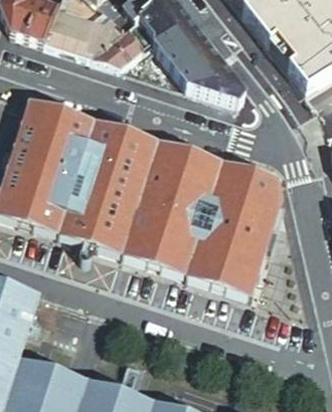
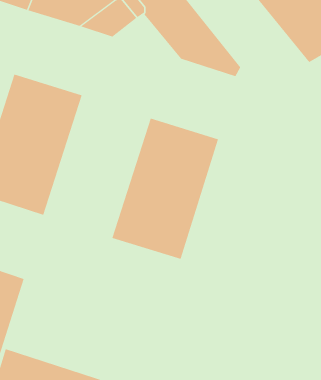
building: [58,120,158,253] -> none
building: [187,161,283,294] -> none

